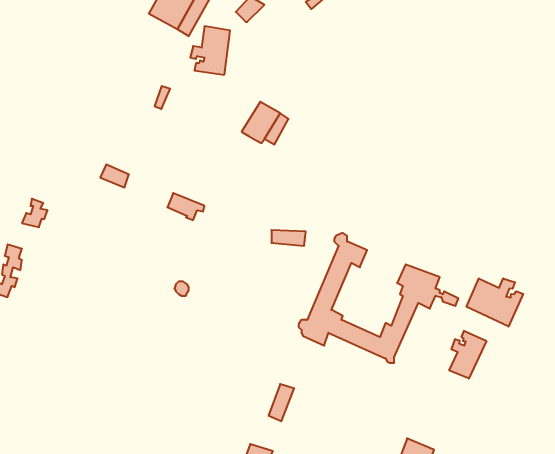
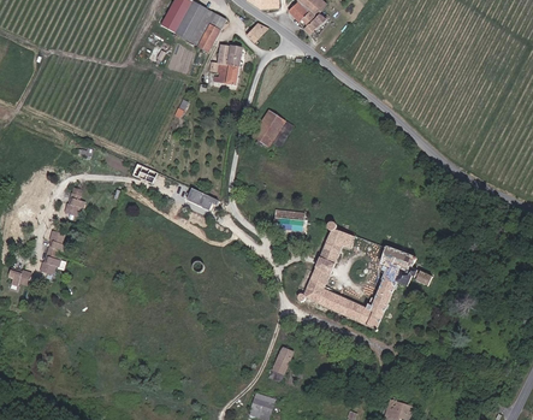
building: [467,278,523,327] -> none
building: [449,331,486,379] -> none

